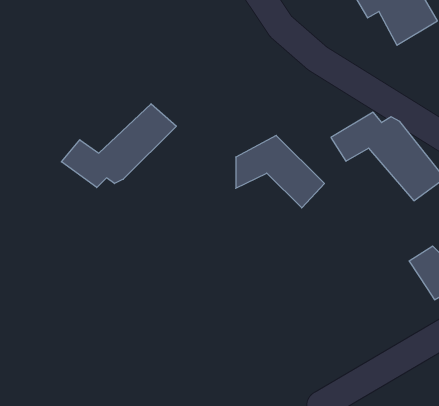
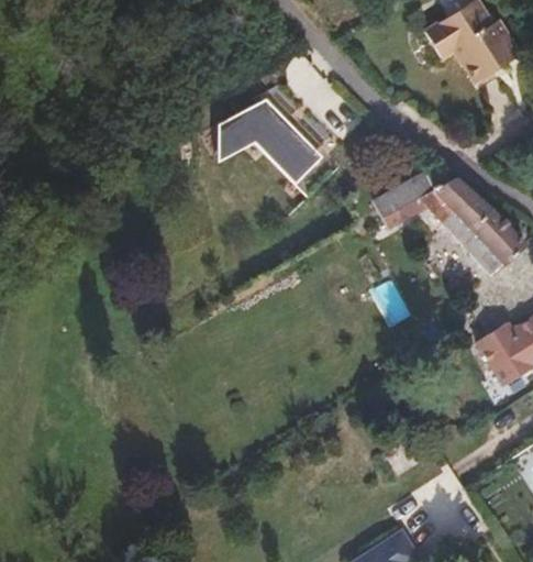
building: [61,104,176,188] -> none
building: [236,135,324,208] -> [216,100,320,185]

